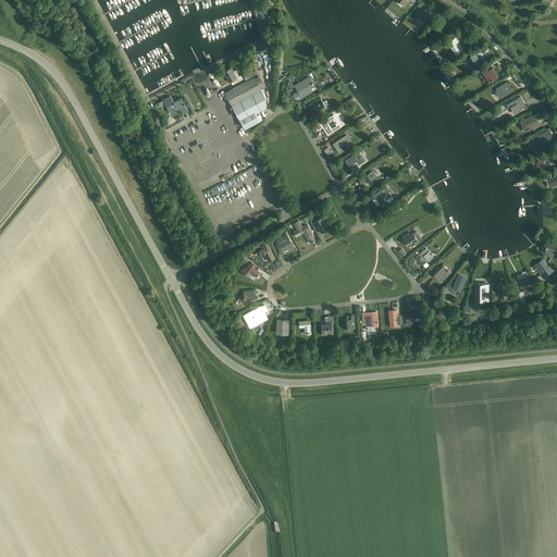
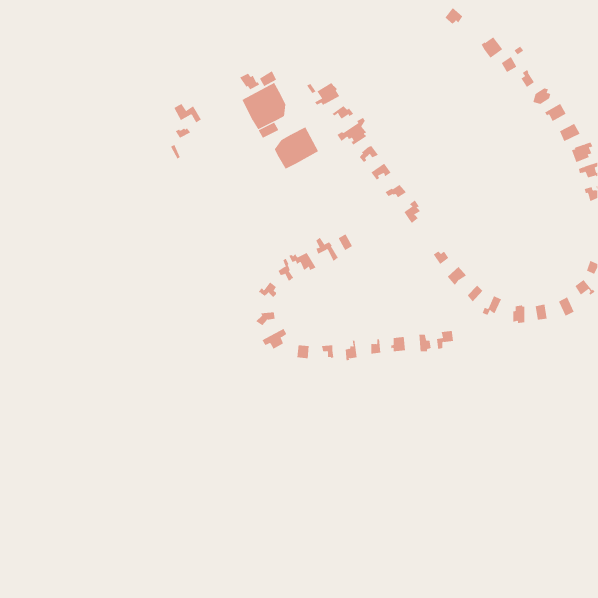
building: none -> [274,126,319,169]

